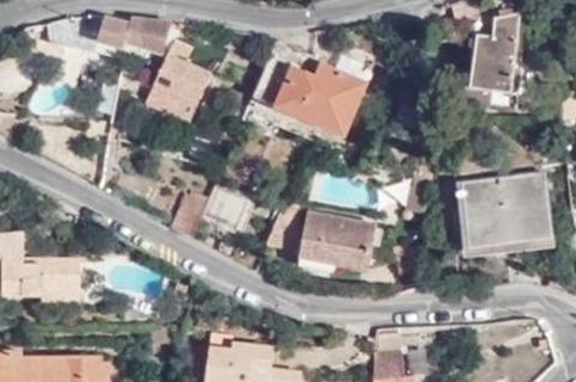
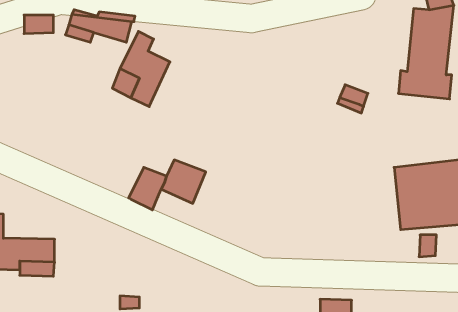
building: [252,43,366,131] -> none
building: [268,201,376,265] -> none

